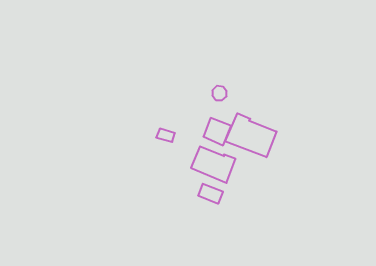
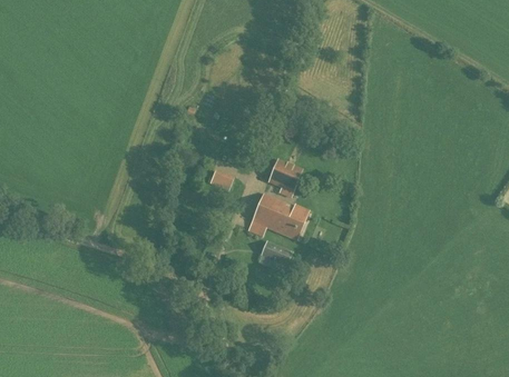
building: [225,113,277,157] -> none

